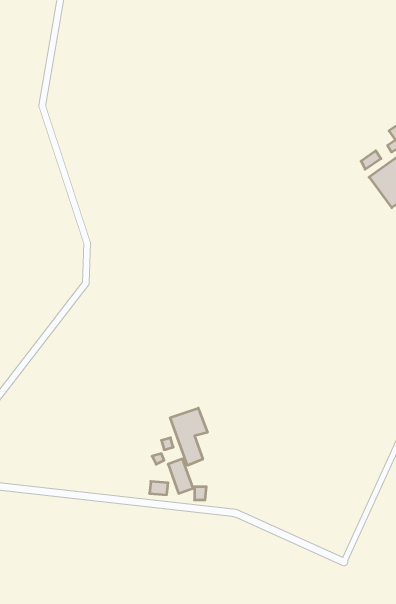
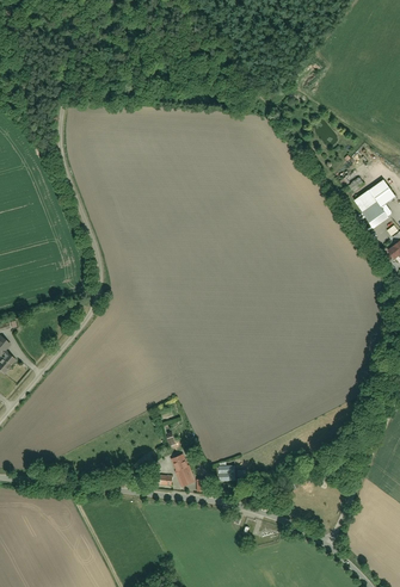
building: [170,408,207,465] -> none

